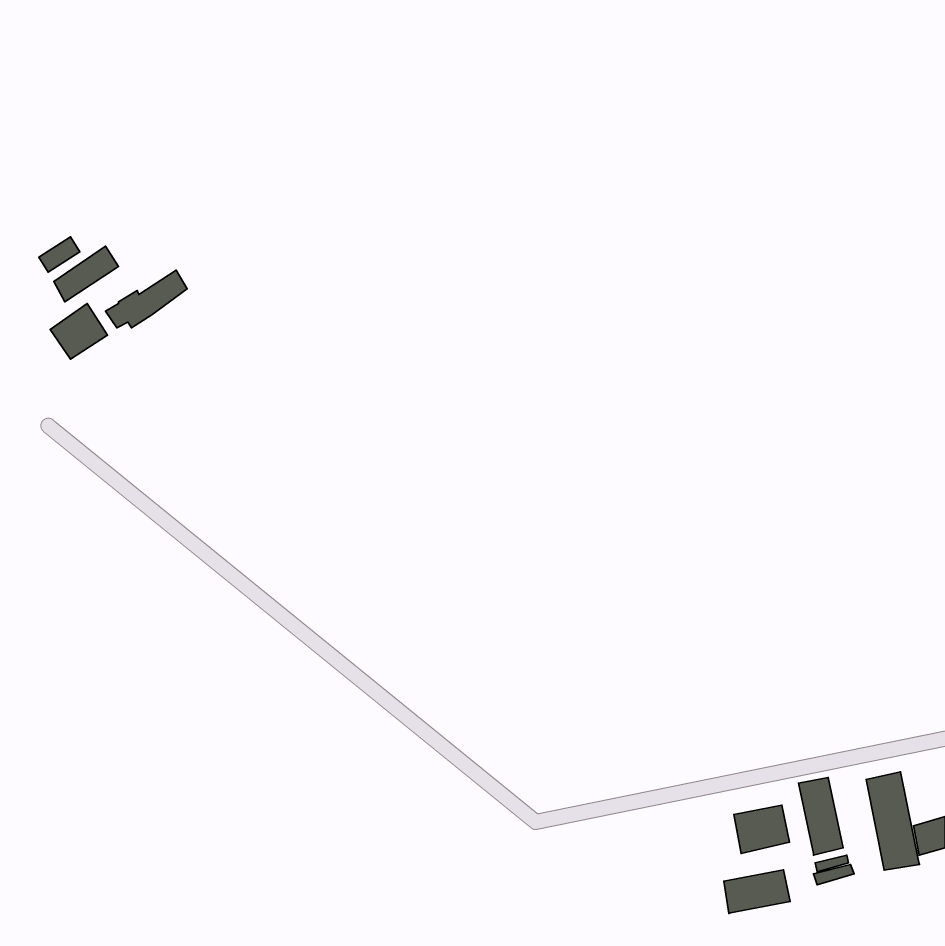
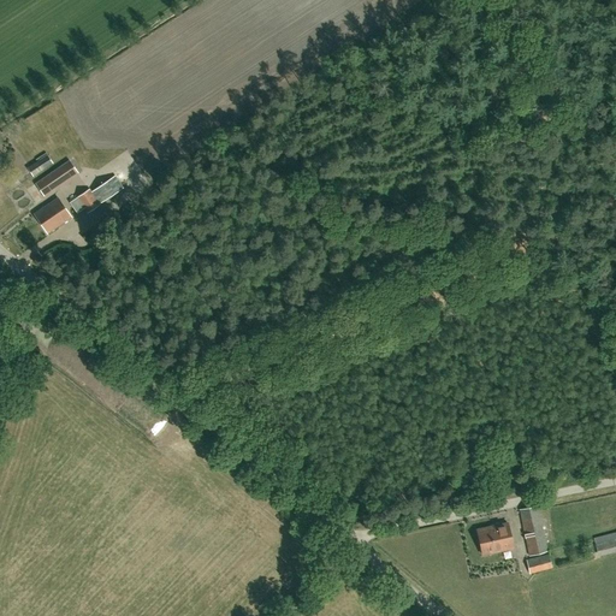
building: [866,772,920,870] -> none
building: [724,870,790,913] -> none

